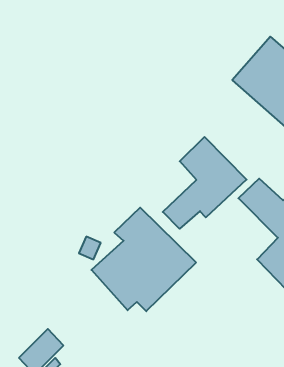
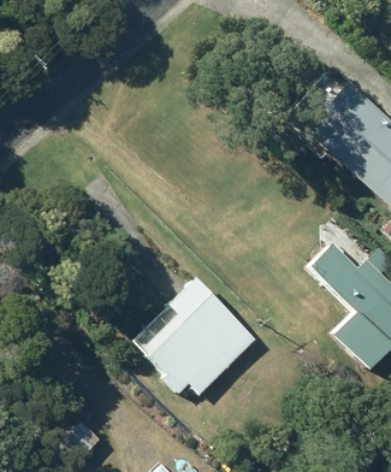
building: [163,137,247,229] -> none

